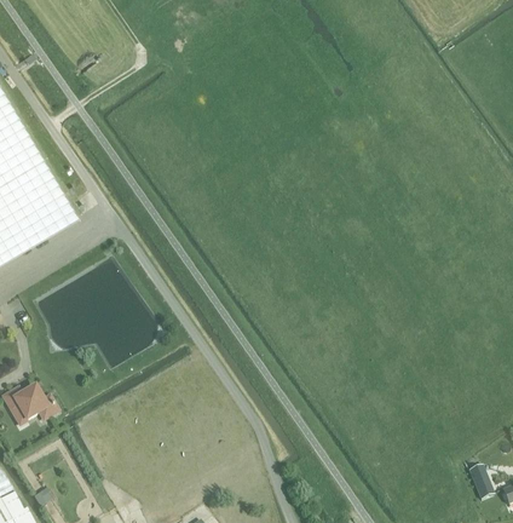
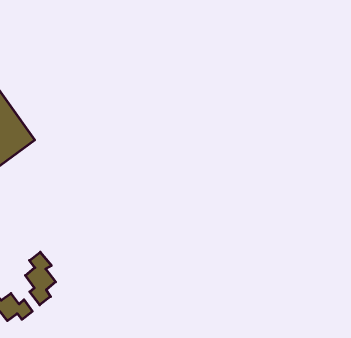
building: none -> [25,252,56,305]

